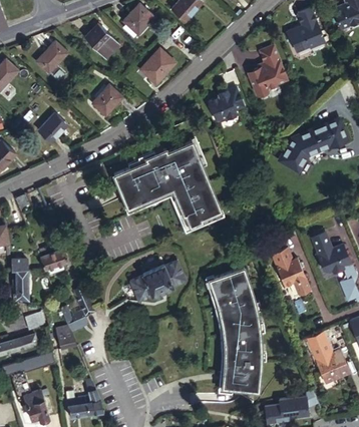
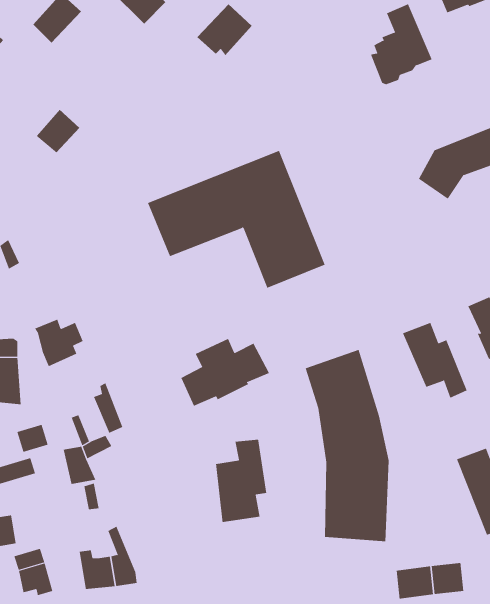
building: [92,84,122,115] -> none
building: [208,88,244,123] -> none
building: none -> [216,439,267,523]

